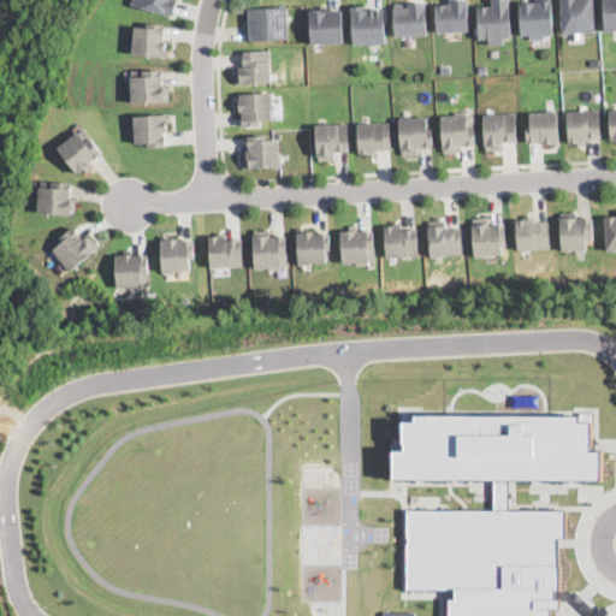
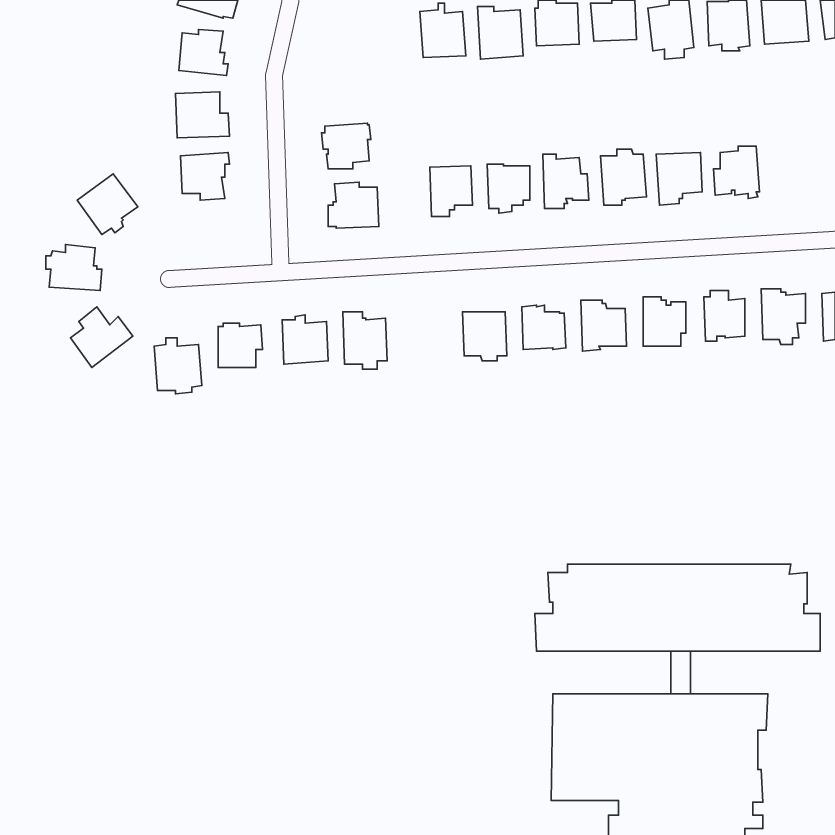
building: [247,8,286,42] -> none
building: [233,51,270,84] -> none
building: [565,111,598,147] -> none
building: [296,230,328,267] -> none

